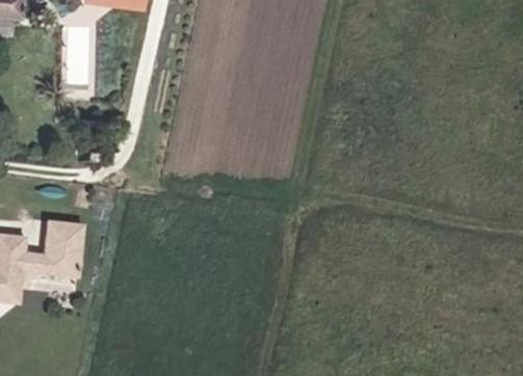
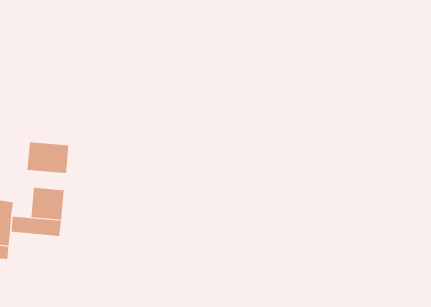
building: none -> [27,141,69,174]

